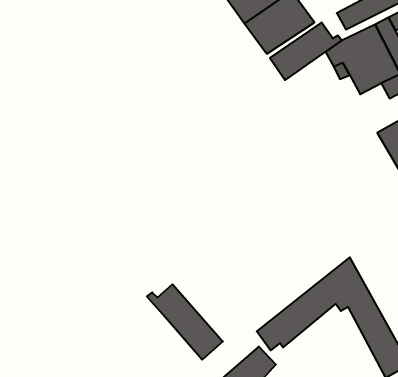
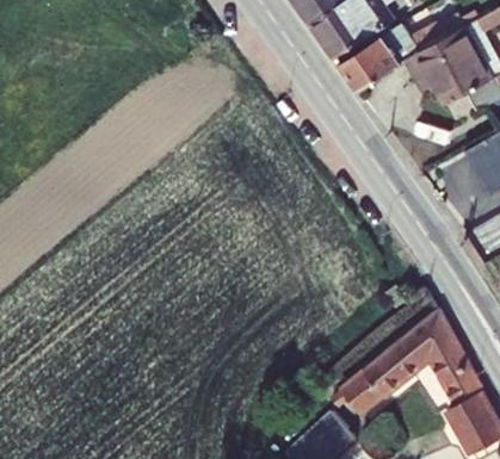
building: [147,284,223,360] -> none

